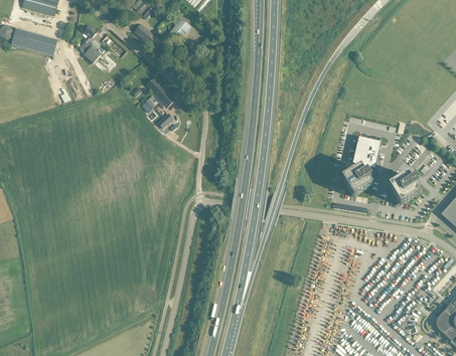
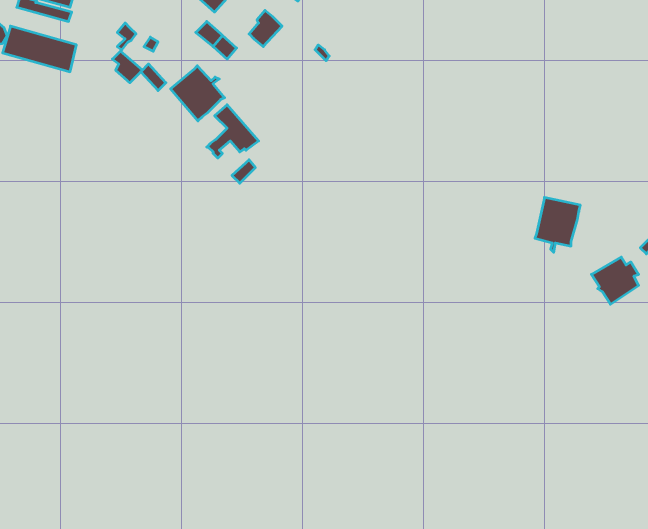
building: none -> [171,66,225,121]
building: [342,165,372,196] -> none

